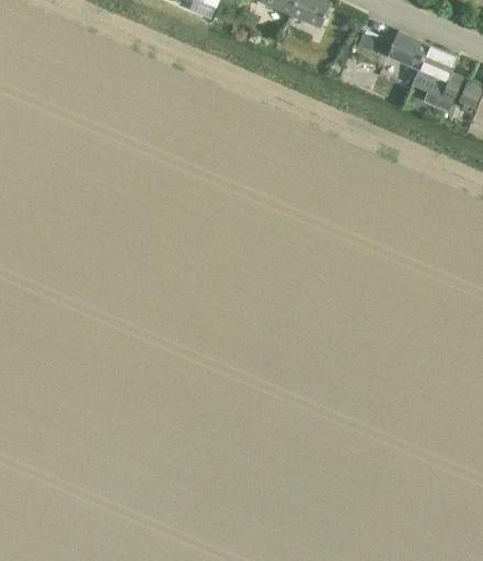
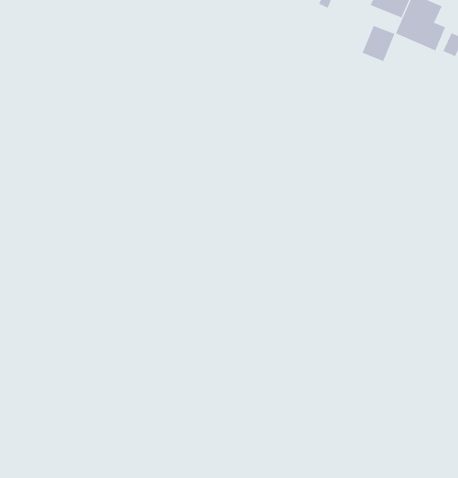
building: none -> [362,25,395,62]

